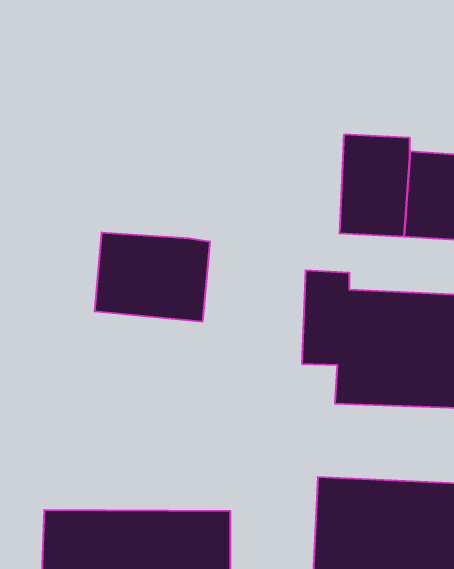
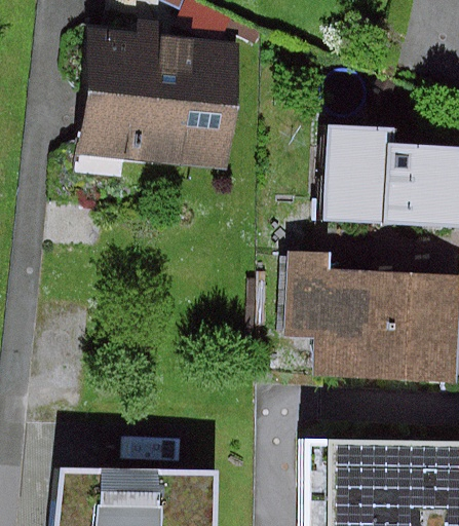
building: none -> [83,30,241,153]
building: [95,232,210,322] -> none

